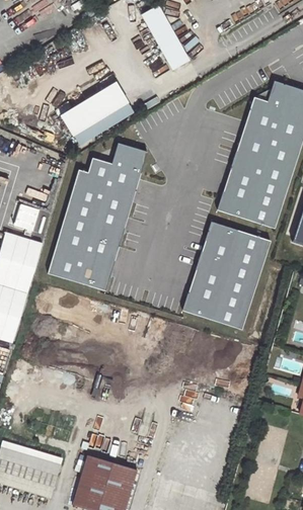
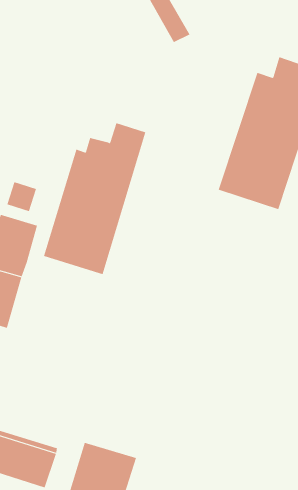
building: [58,81,130,144] -> none
building: [185,223,273,330] -> none

